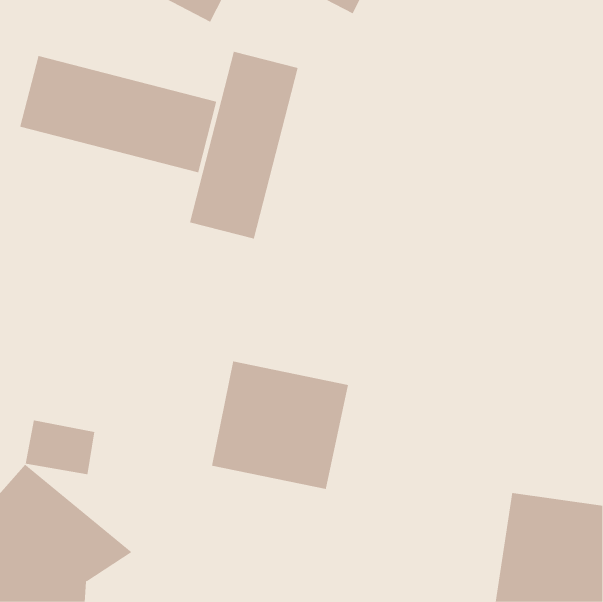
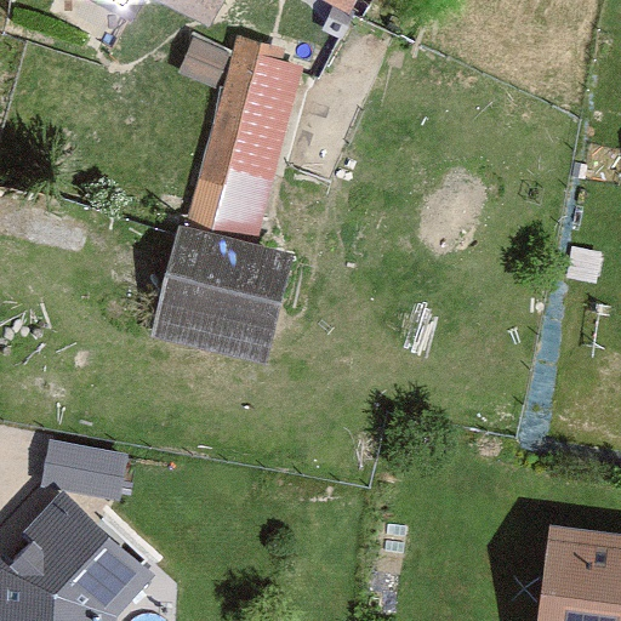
building: [20,55,217,173] -> none
building: [211,361,349,489] -> [154,237,295,368]

